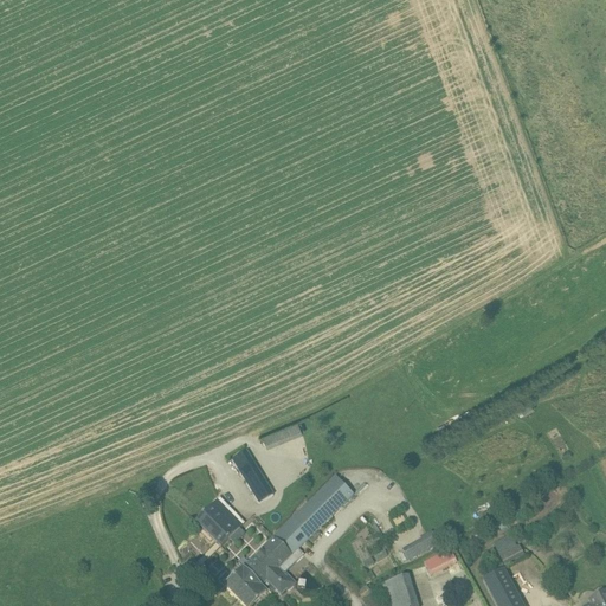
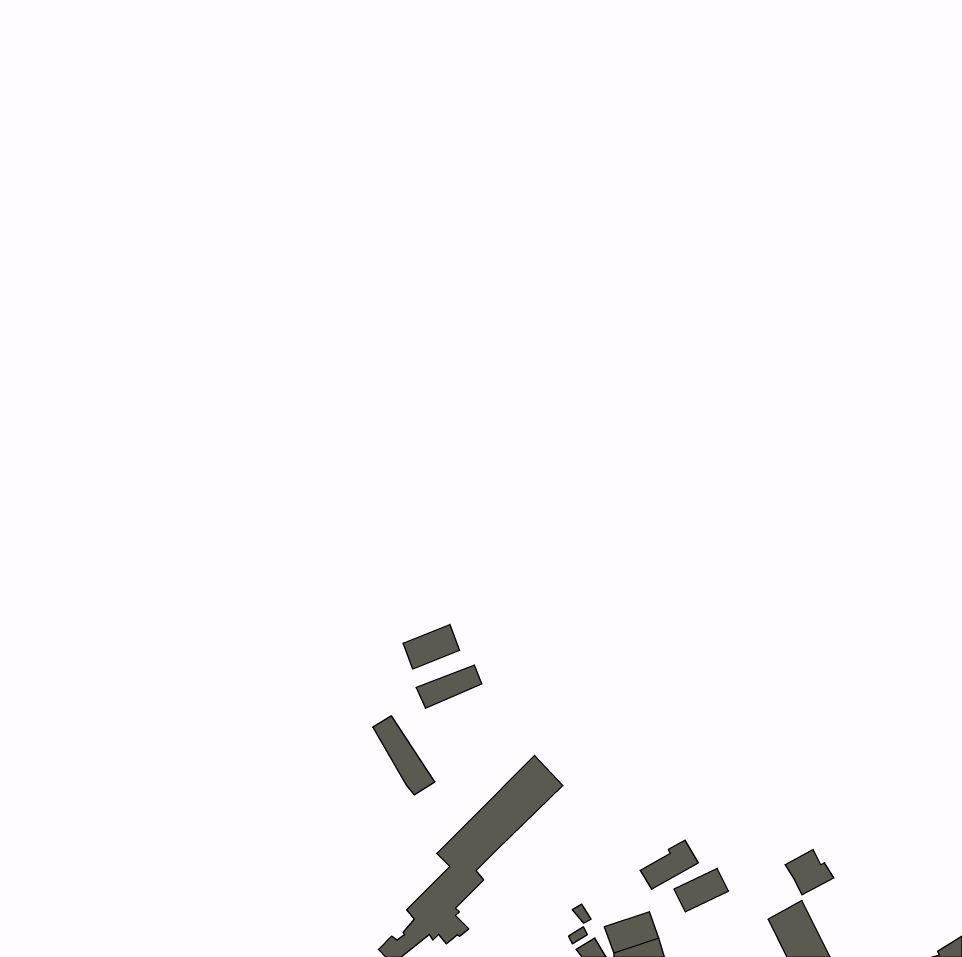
building: none -> [403,624,460,669]
building: [196,497,241,543] -> none
building: [225,536,283,597] -> none

